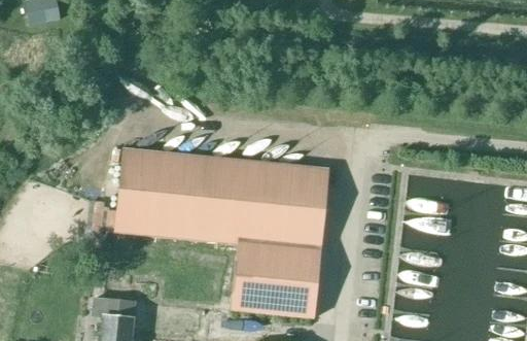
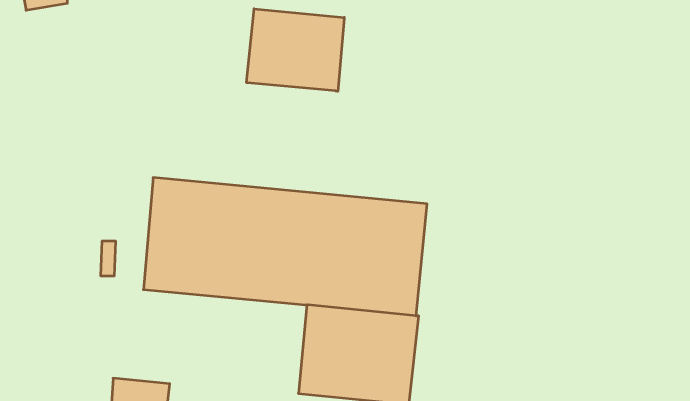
building: none -> [247,9,344,91]

